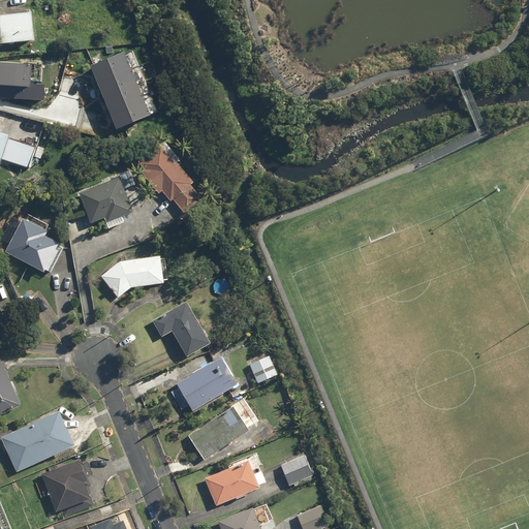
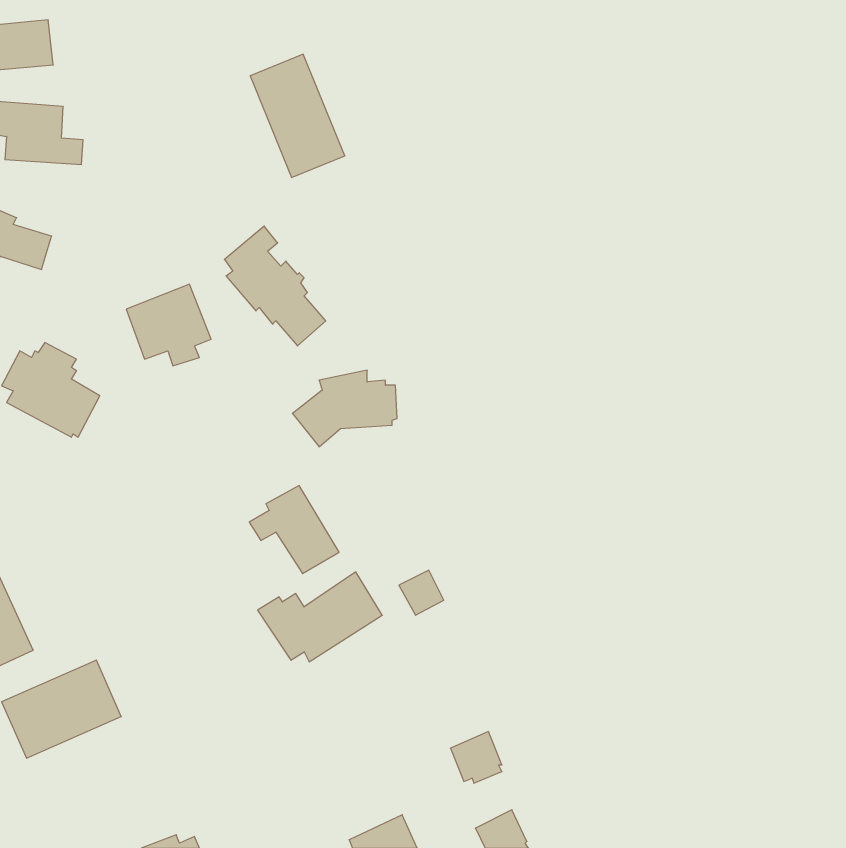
building: [89,52,148,128] -> [250,54,345,177]
building: [101,249,166,297] -> [292,370,397,447]
building: [188,406,248,460] -> none
building: [205,456,266,505] -> none
building: [33,459,92,517] -> none

